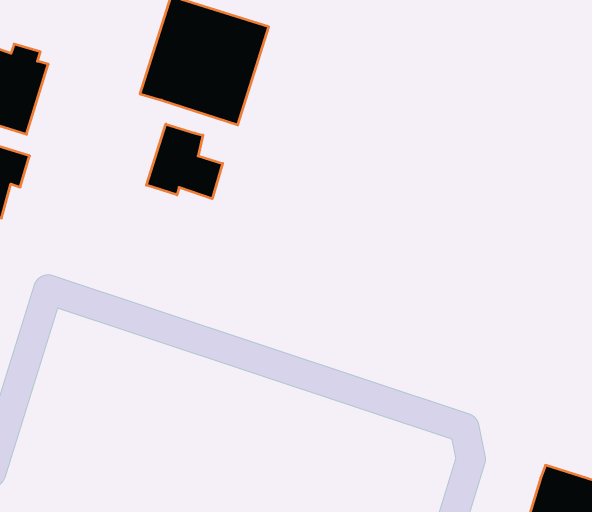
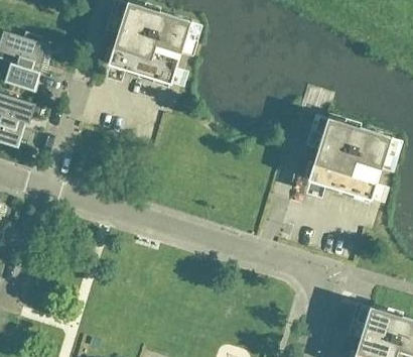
building: [146,124,223,199] -> none
building: none -> [307,118,391,201]

